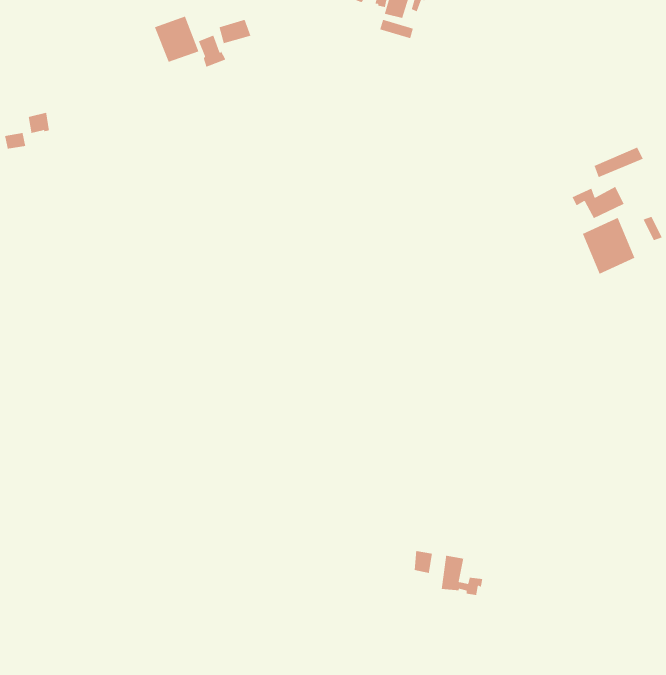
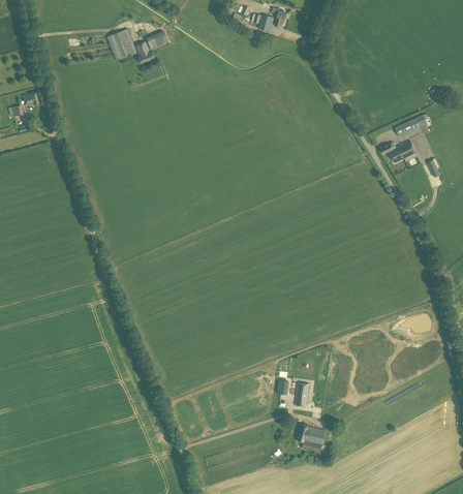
building: [582,217,636,275] -> none
building: none -> [298,424,326,452]

